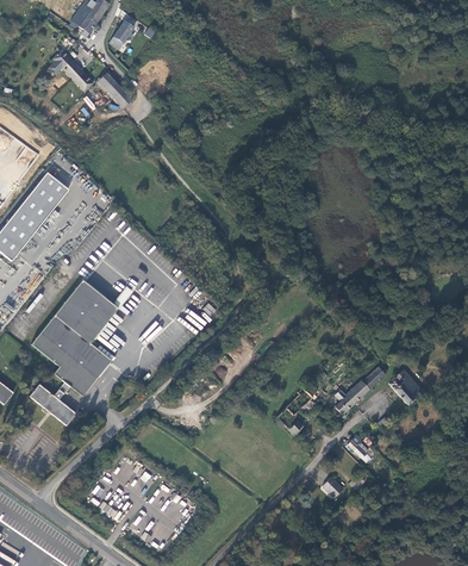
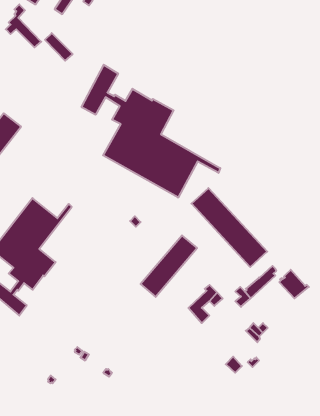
building: none -> [82,65,220,198]
building: none -> [191,188,267,267]
building: none -> [141,235,197,297]

